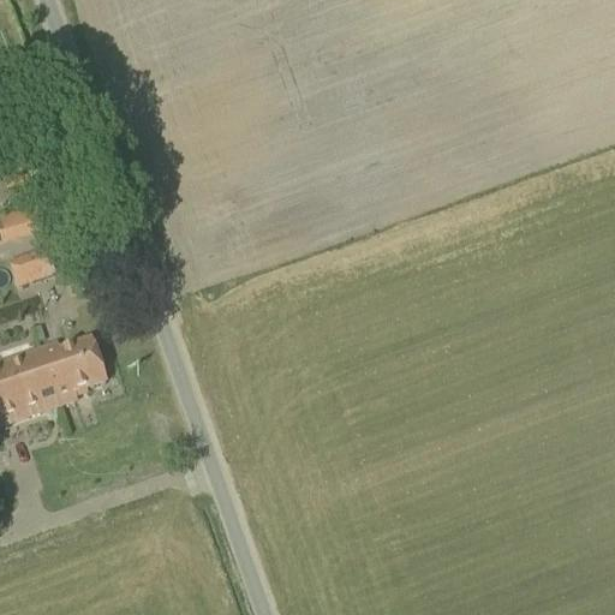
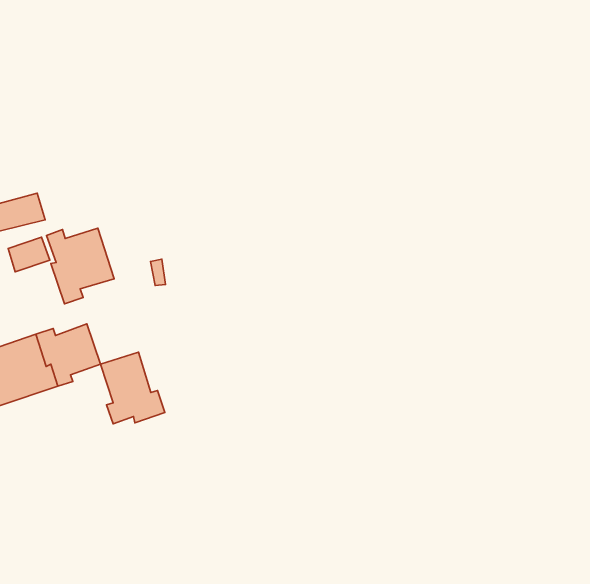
building: none -> [47,228,114,304]
building: none -> [101,352,165,424]

